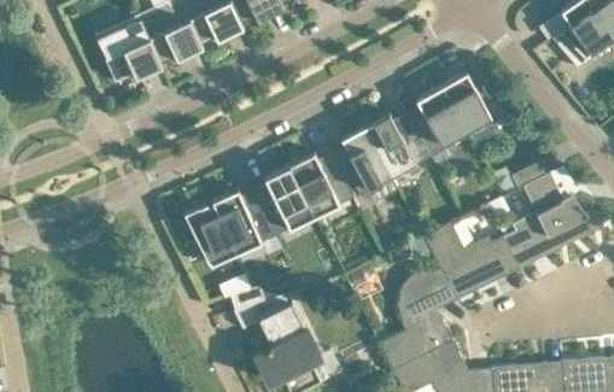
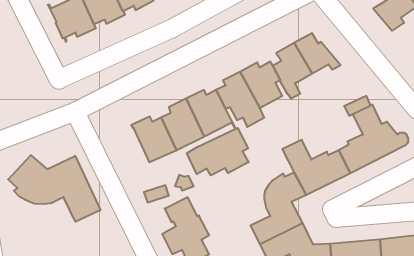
building: [185,205,236,267] -> none
building: none -> [187,128,249,175]
building: none -> [8,155,100,222]

